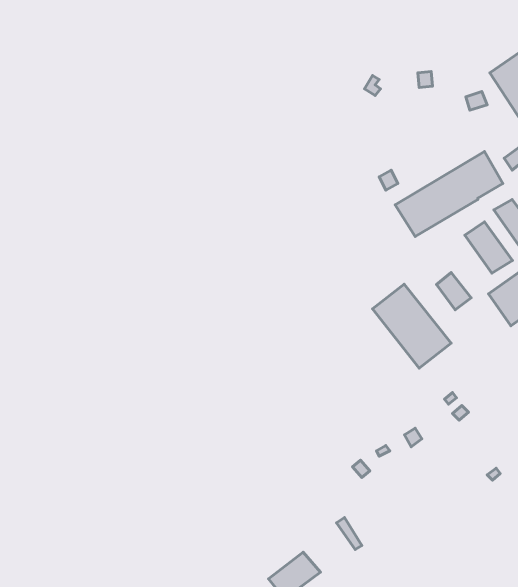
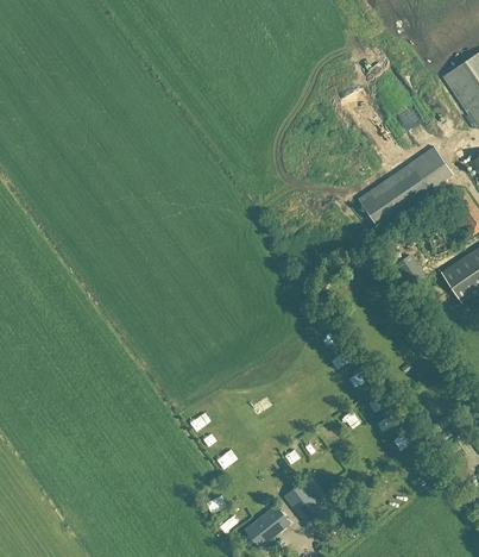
building: [465,222,513,273] -> none
building: [373,284,451,368] -> none
building: none -> [284,481,323,524]

